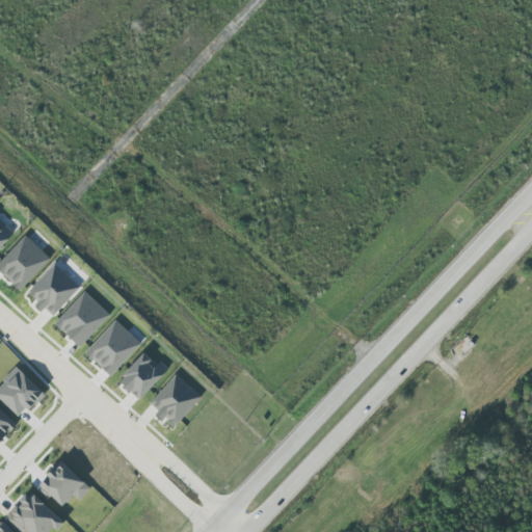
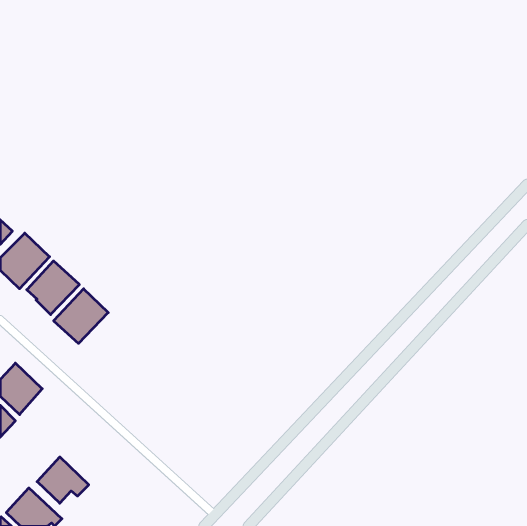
building: [84,320,140,376] -> none
building: [117,352,167,400] -> none
building: [148,373,201,425] -> none

